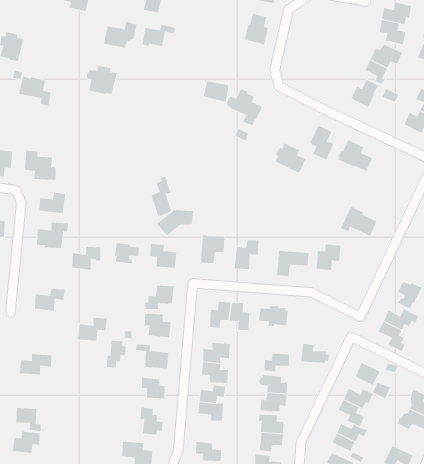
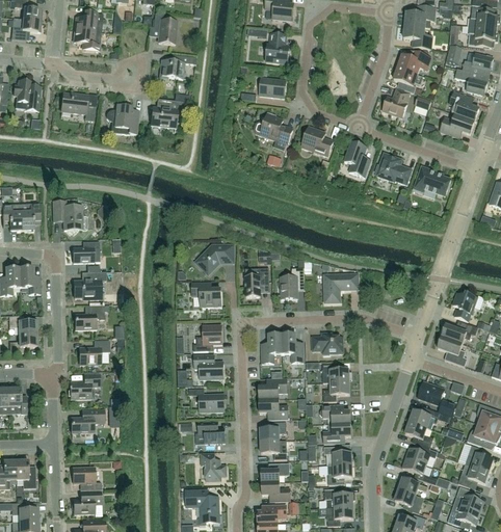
building: [103,21,138,48] -> [151,100,184,128]
building: [18,76,51,106] -> [60,92,95,121]
building: [203,81,229,102] -> [259,78,285,98]
building: [275,143,306,173] -> [300,126,333,156]
building: [151,176,172,217] -> none
building: [340,206,377,236] -> [413,166,450,195]
building: [115,242,140,264] -> none
building: [316,244,341,271] -> none
building: [72,246,101,270] -> [74,304,104,329]
building: [77,317,108,341] -> [70,373,99,399]
building: [106,340,126,368] -> none
building: [301,344,330,363] -> [322,364,351,382]
building: none -> [261,462,289,482]
building: none -> [465,445,493,472]

